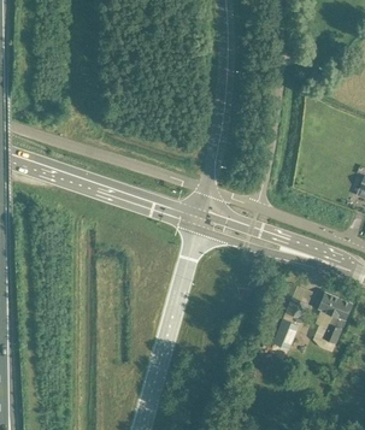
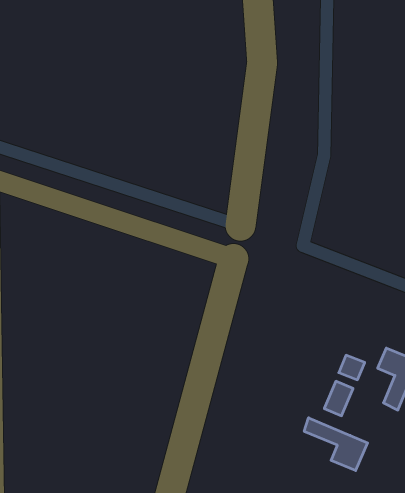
building: none -> [304,418,368,471]

